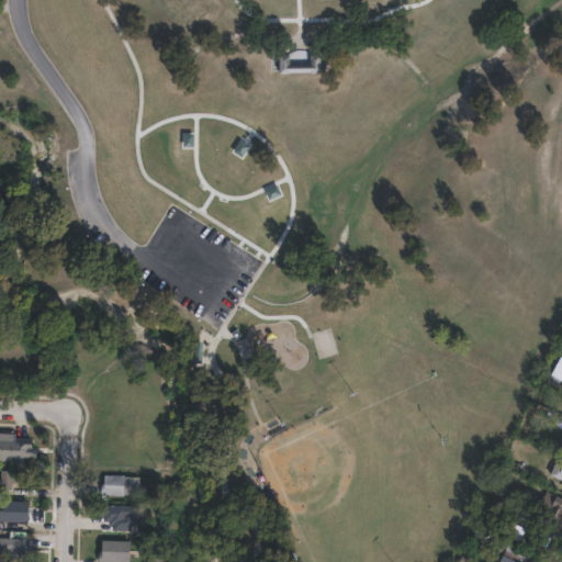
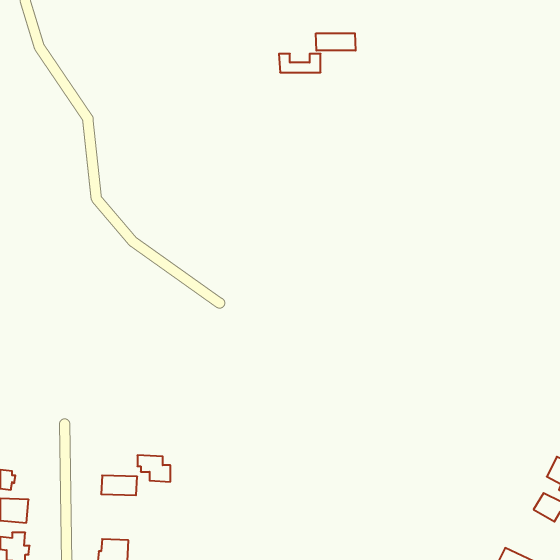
building: none -> [316,33,356,51]
building: [7,439,34,462] -> none
building: [101,506,134,532] -> [137,455,170,482]

